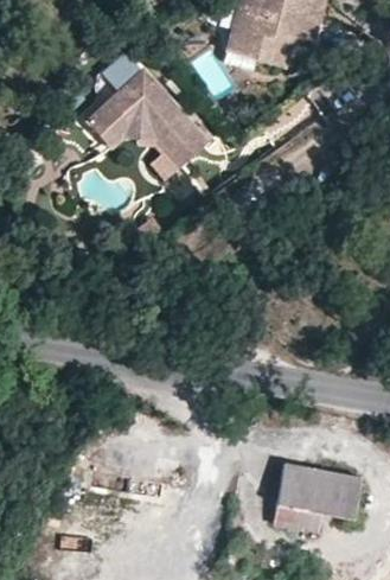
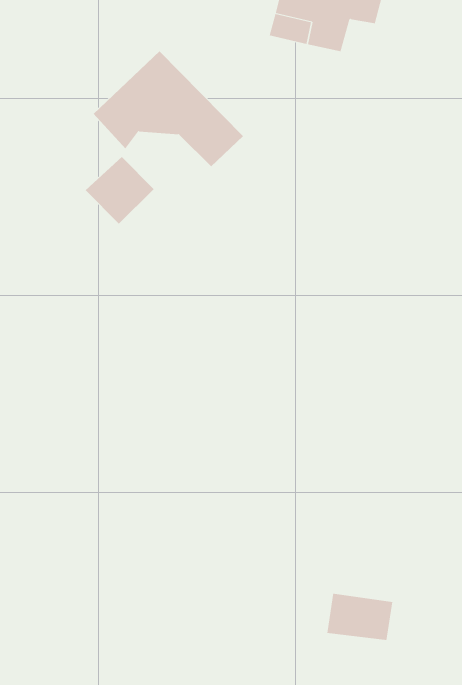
building: none -> [85,156,154,224]
building: [275,461,360,511] -> none

